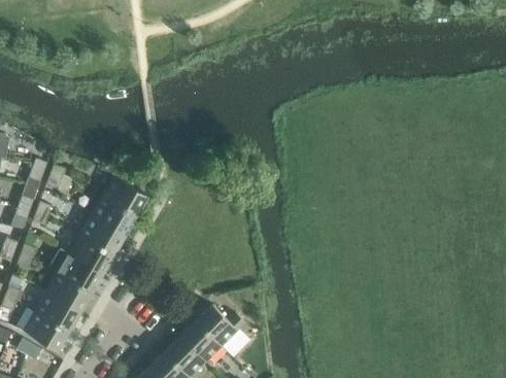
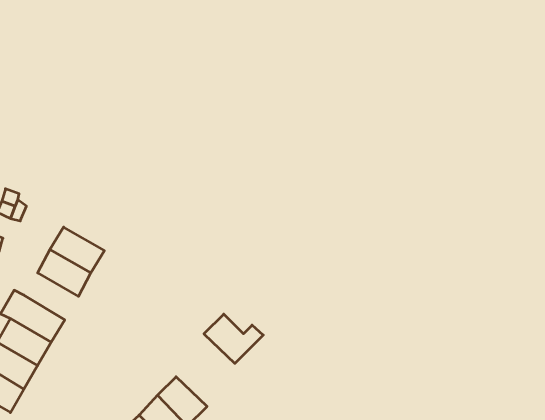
building: [101,176,147,216] -> none
building: [68,235,113,274] -> none
building: [195,305,244,346] -> [204,314,263,363]

